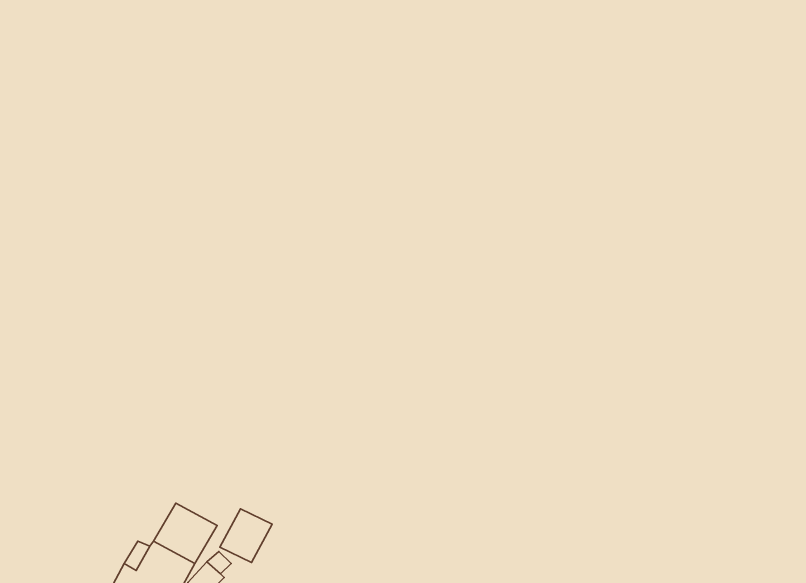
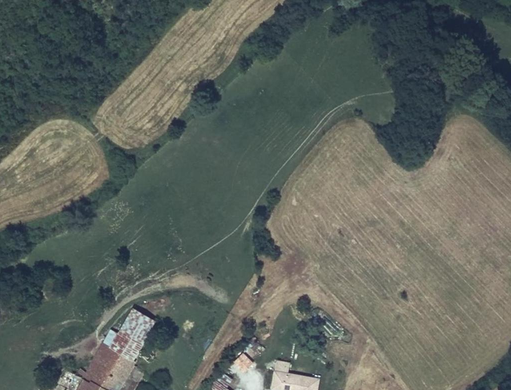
building: [220,509,272,563] -> none

